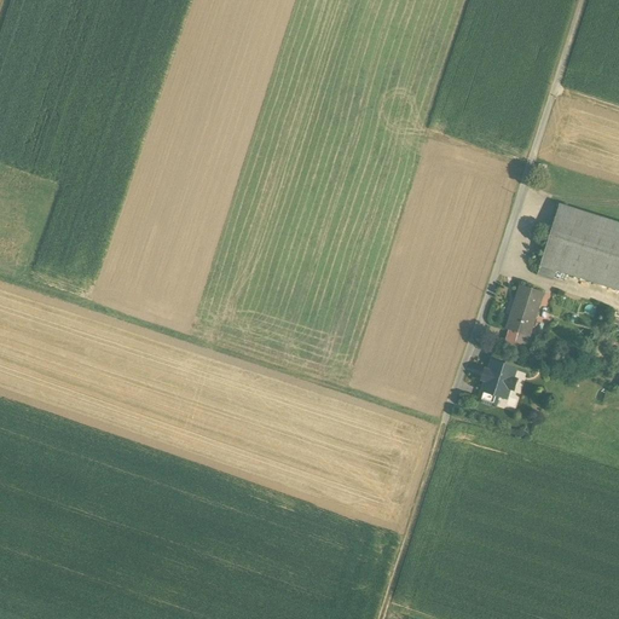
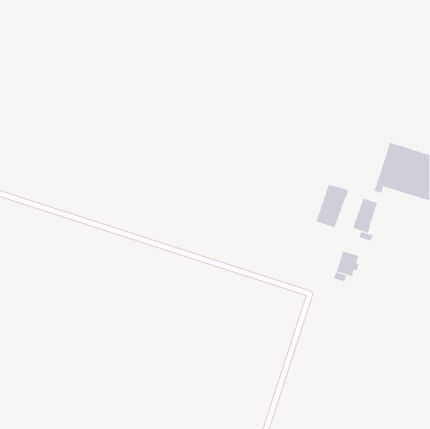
building: none -> [316,184,349,228]

